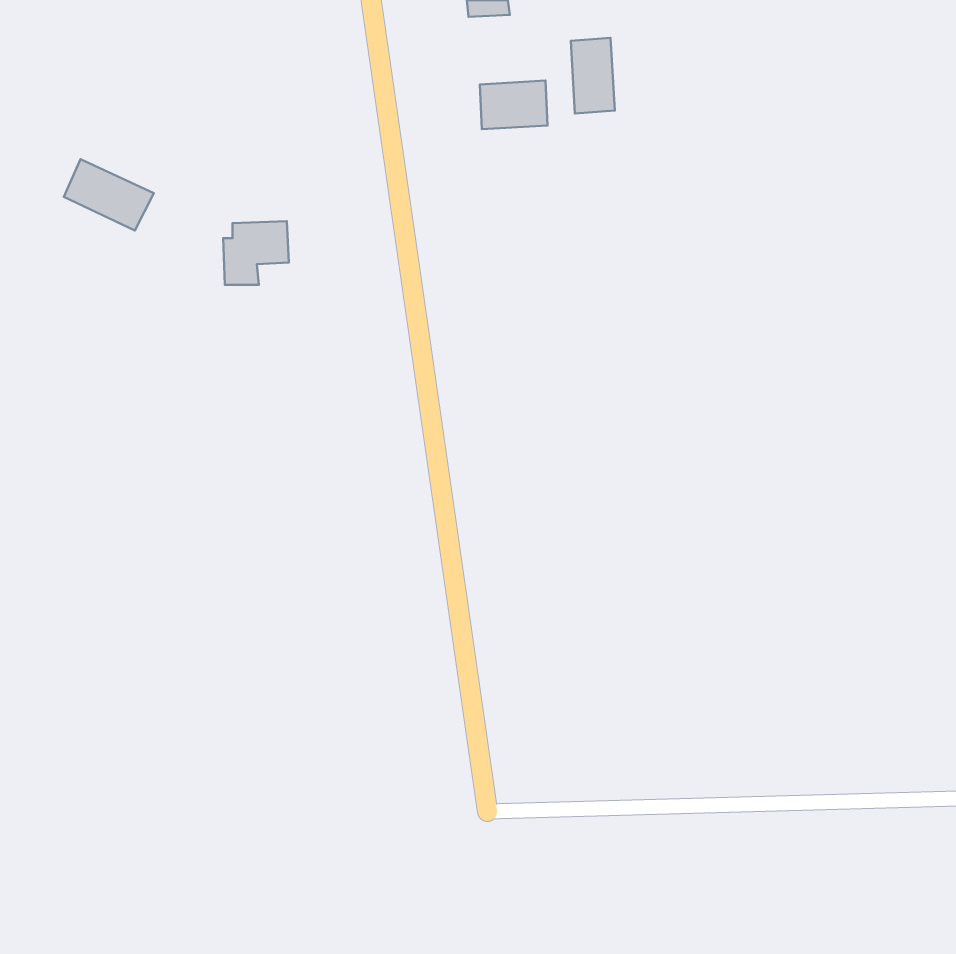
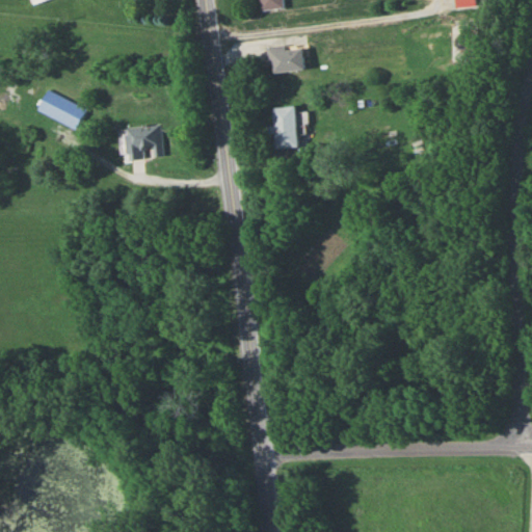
building: [571,38,615,113] -> none
building: none -> [272,107,298,149]

